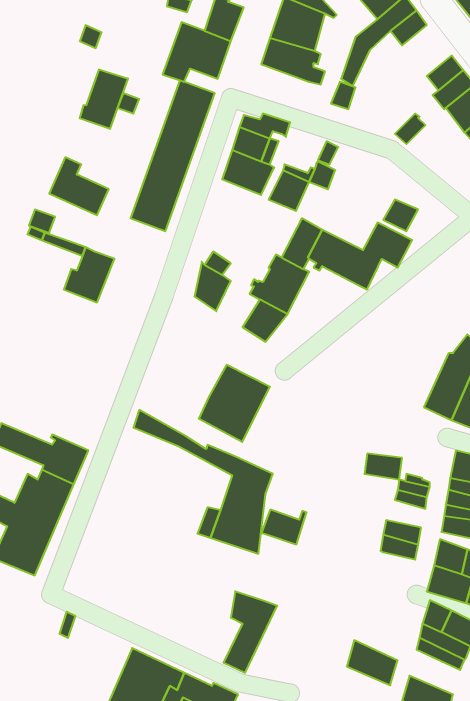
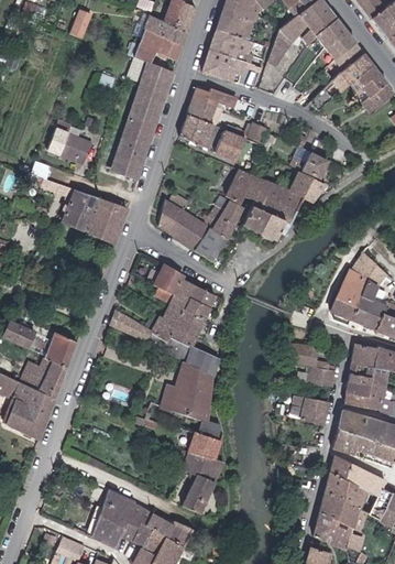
building: none -> [316,20,353,58]
building: none -> [202,50,245,80]
building: [80,69,128,129] -> none
building: none -> [85,197,127,241]
building: none -> [244,203,283,238]
building: none -> [175,214,208,249]
building: none -> [153,267,183,302]
building: none -> [152,318,195,347]
building: [262,510,307,544] -> [186,431,220,457]
building: [347,640,398,685] -> [321,494,360,528]

